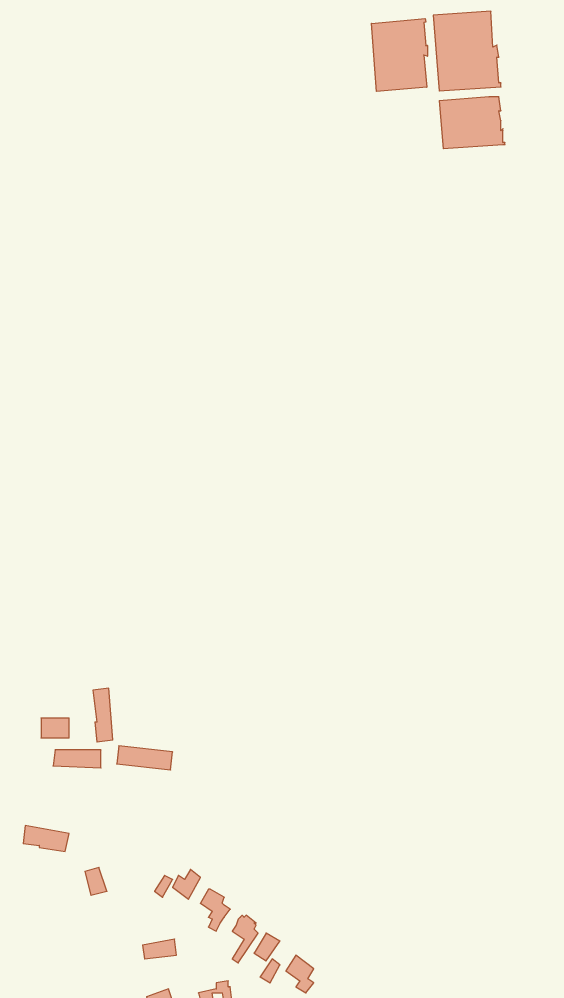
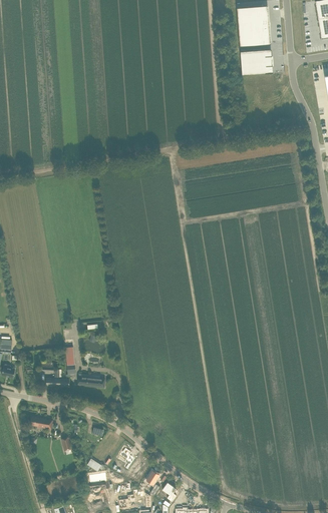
building: [371,19,427,91] -> none

